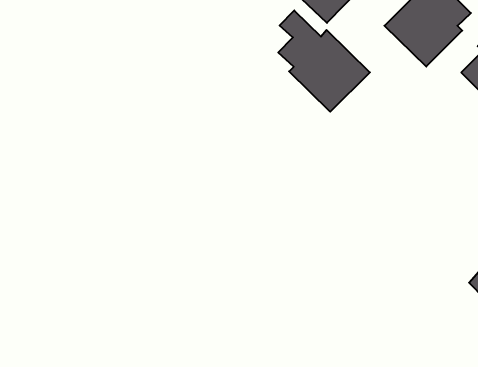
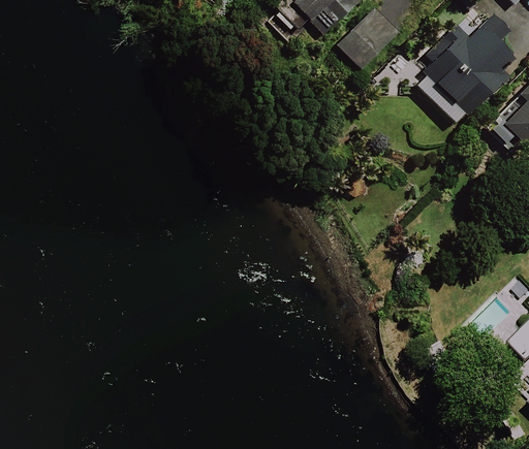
building: [278,10,370,112] -> none

